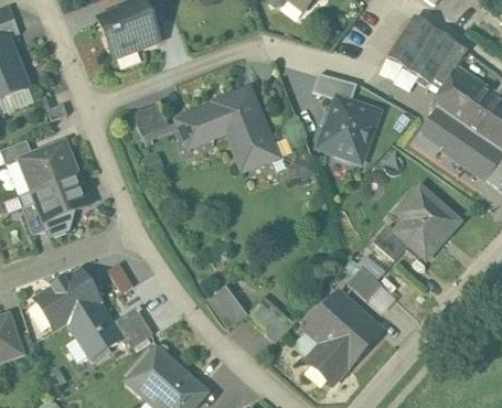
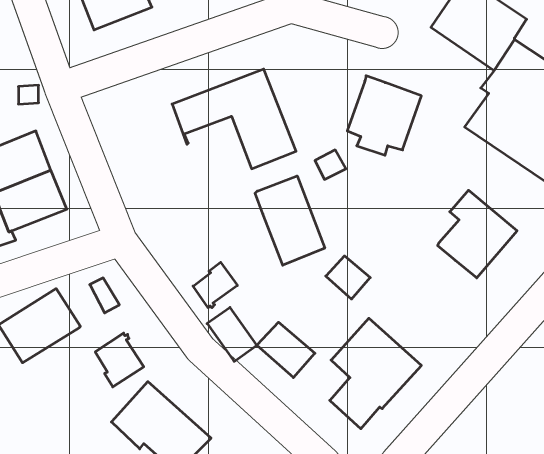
building: [313,74,356,99] -> none
building: [132,101,168,136] -> none
building: none -> [255,176,325,265]
building: [373,225,408,260] -> none
building: none -> [193,262,237,308]
building: [346,266,383,301] -> [326,256,370,299]
building: [67,300,124,357] -> none

